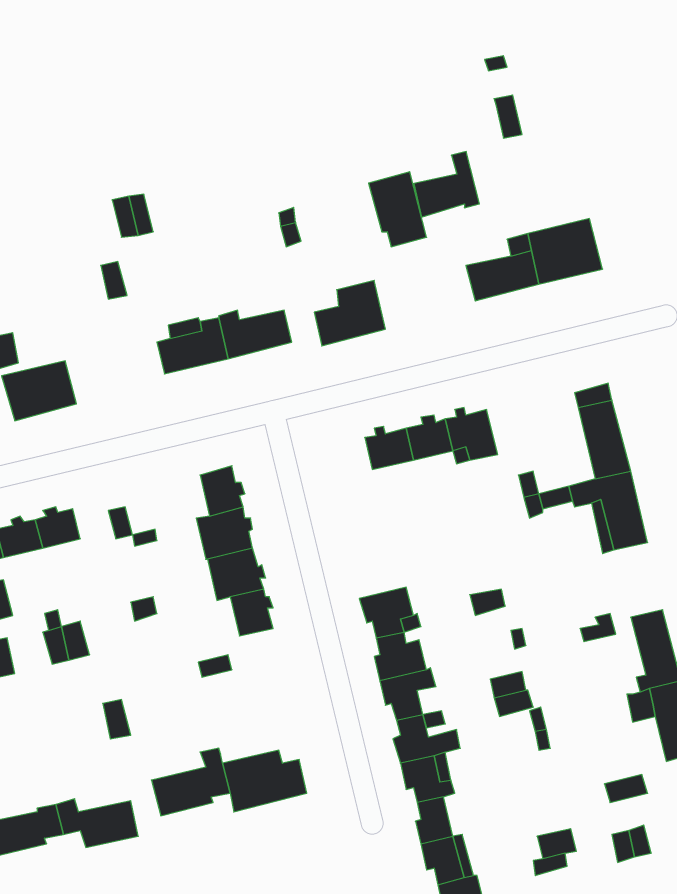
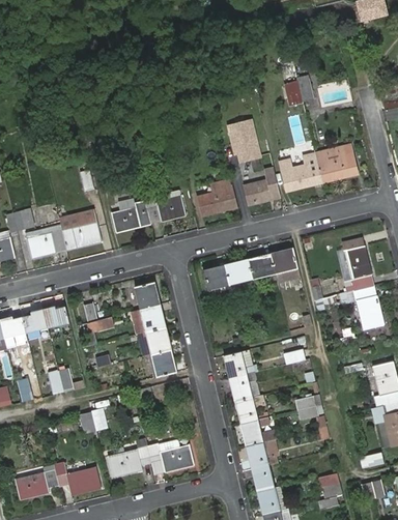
building: [414,152,479,217] -> [243,168,279,204]
building: none -> [58,210,101,248]
building: none -> [203,264,229,289]

